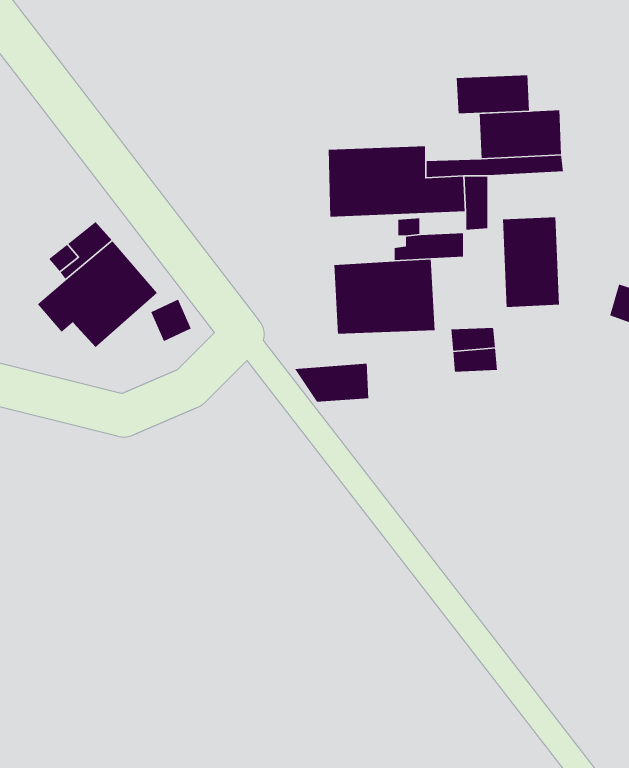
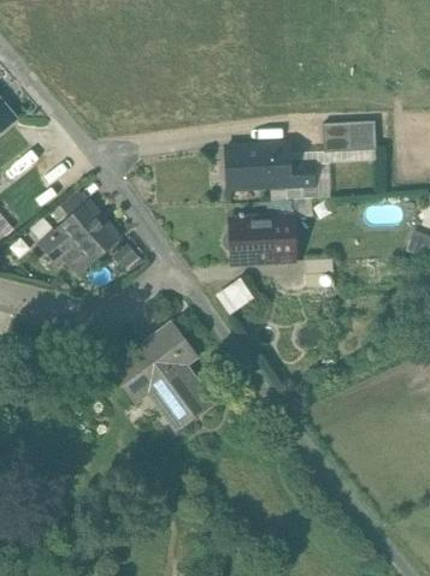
building: [456,74,530,114] -> none
building: [502,216,560,308] -> none
building: none -> [111,325,211,426]

